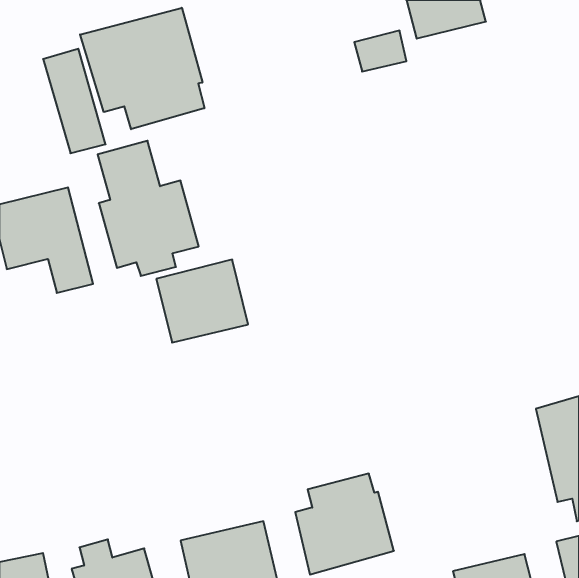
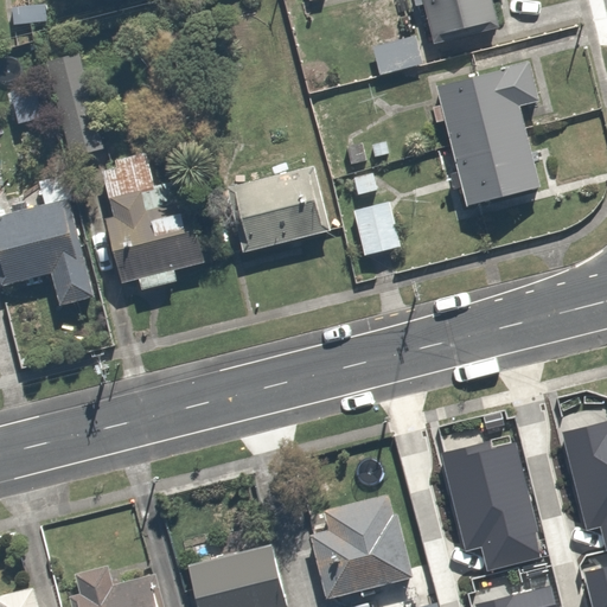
building: [80,8,204,129] -> none
building: none -> [439,69,542,205]
building: none -> [354,202,404,257]
building: [156,260,248,343] -> [234,166,330,253]
building: none -> [439,437,538,568]

